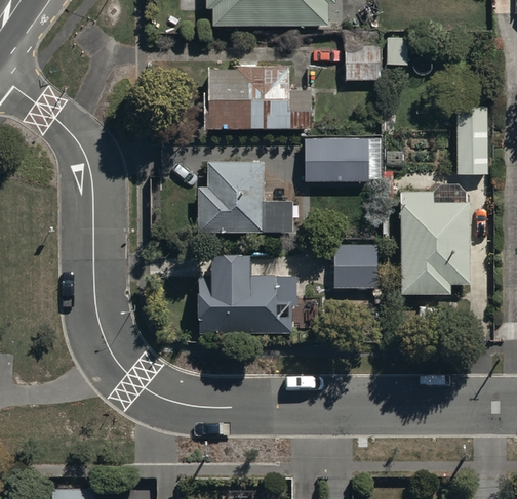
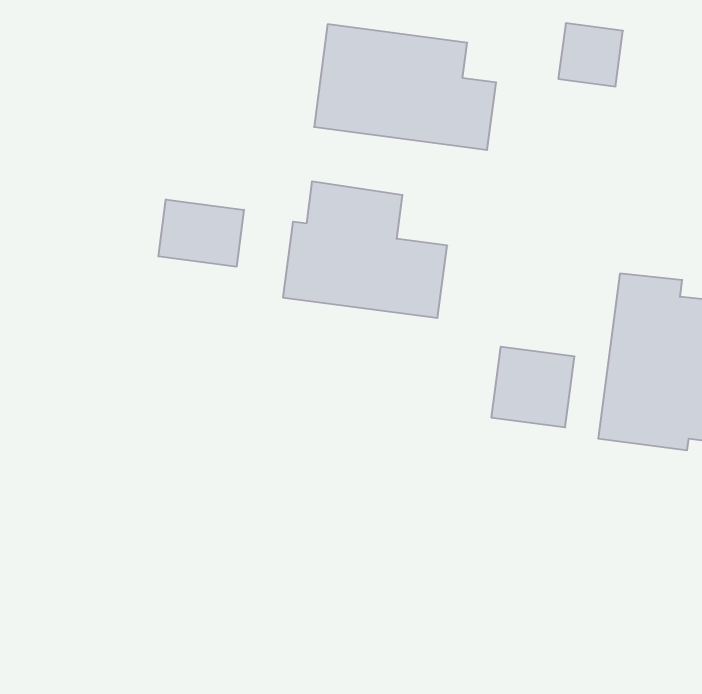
building: [304,137,382,181] -> none
building: none -> [158,199,244,267]
building: [197,248,296,333] -> none

